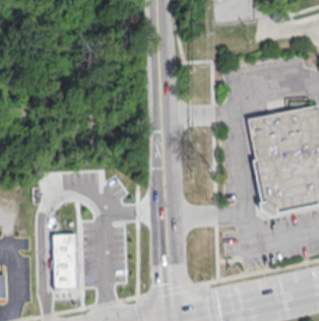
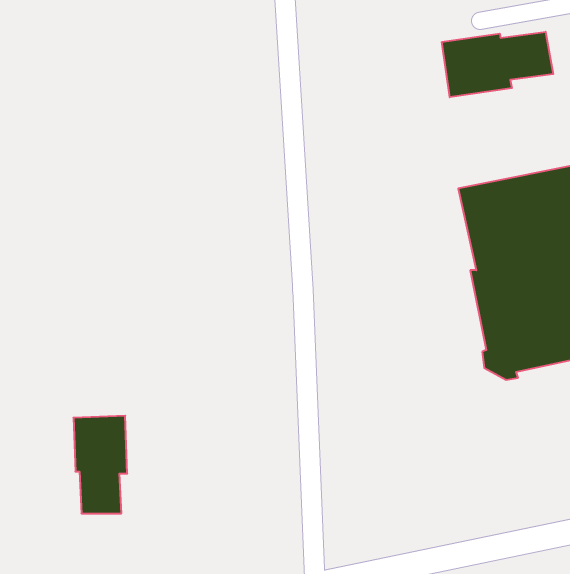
building: none -> [442,32,553,97]

